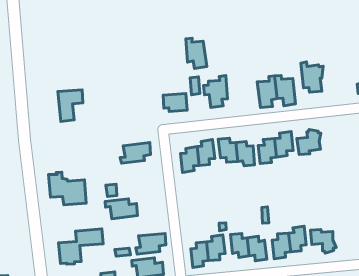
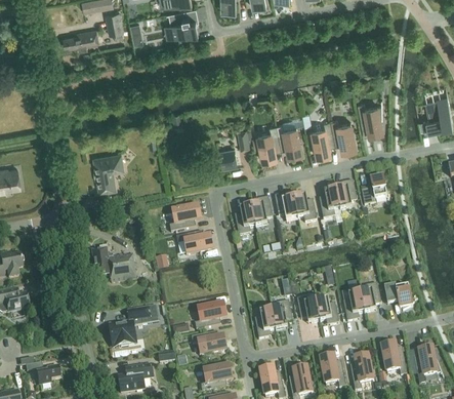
building: [186,38,207,68] -> [276,123,301,156]
building: [105,199,137,219] -> [176,231,213,254]

